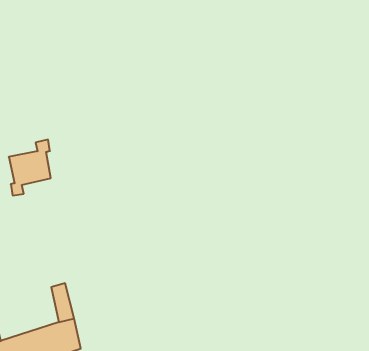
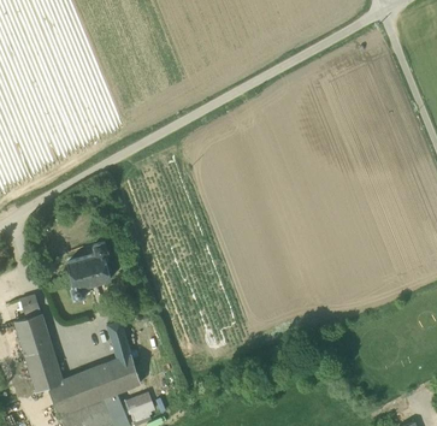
building: [9,140,51,195] -> [67,242,110,298]

